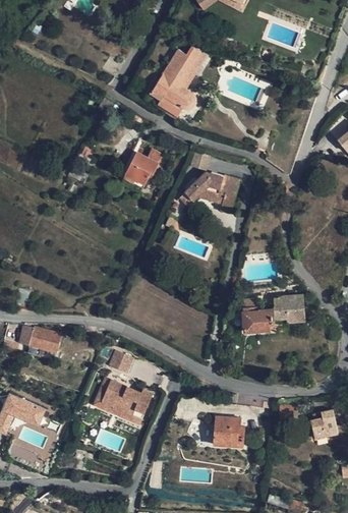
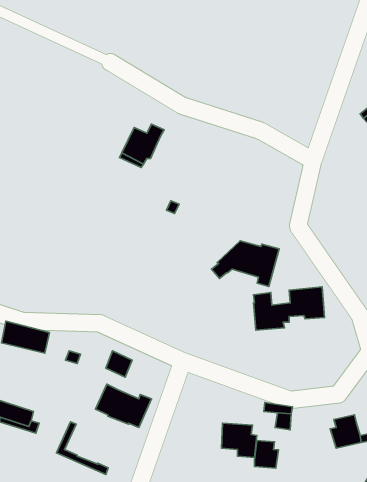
building: [151,46,206,111] -> none
building: [179,172,239,213] -> [211,241,279,286]
building: [95,378,140,424] -> [57,422,108,475]
building: none -> [254,441,278,468]

